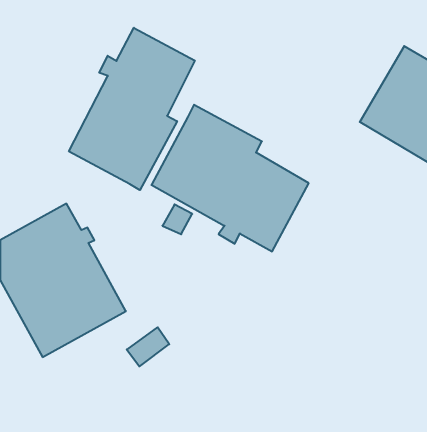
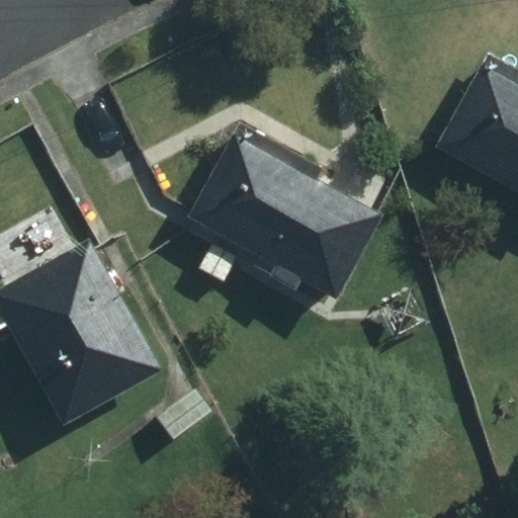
building: [69,28,195,190] -> none

